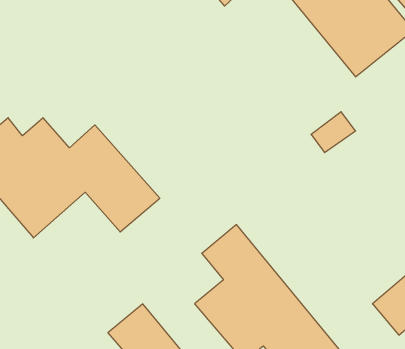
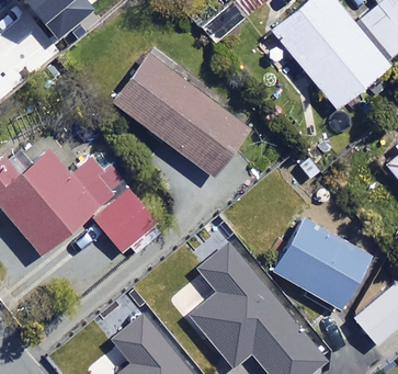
building: none -> [115,52,251,177]
building: none -> [268,214,375,309]

